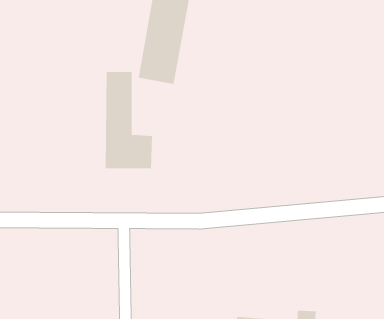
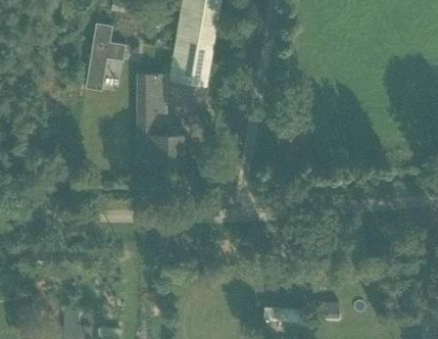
building: none -> [86,22,125,89]

